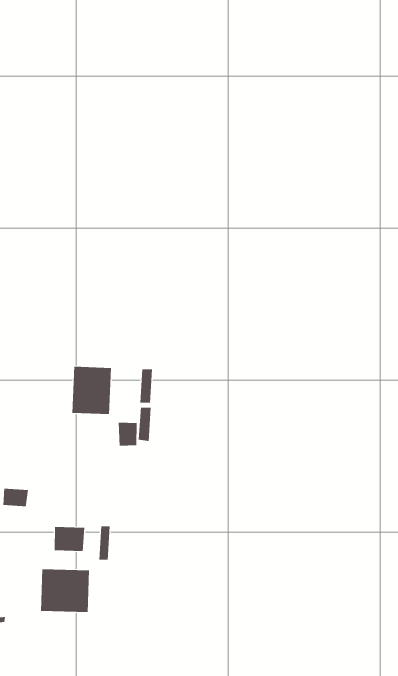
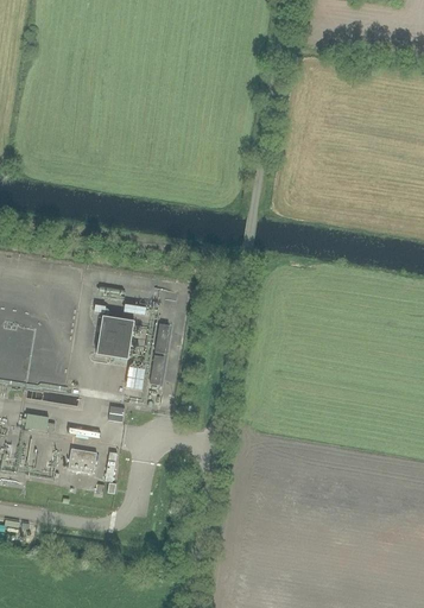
building: [41,569,90,613] -> none

